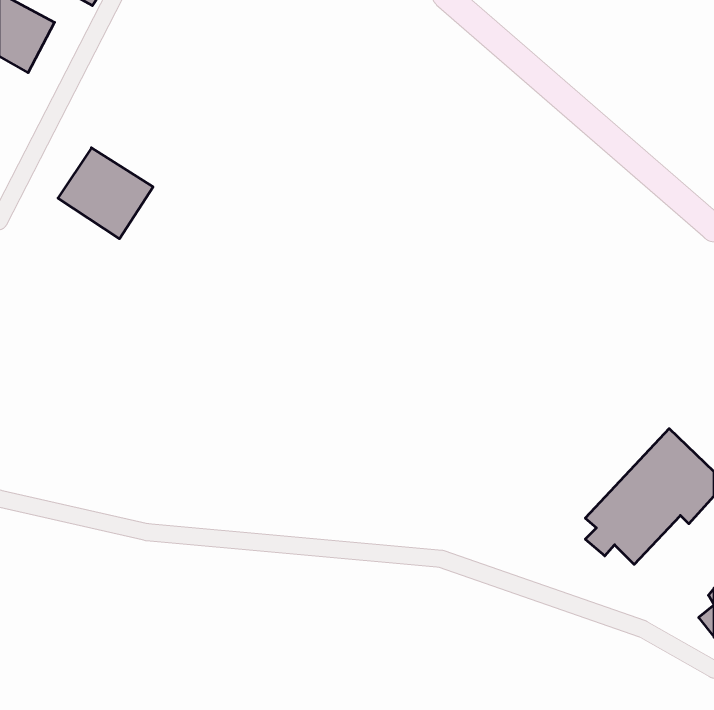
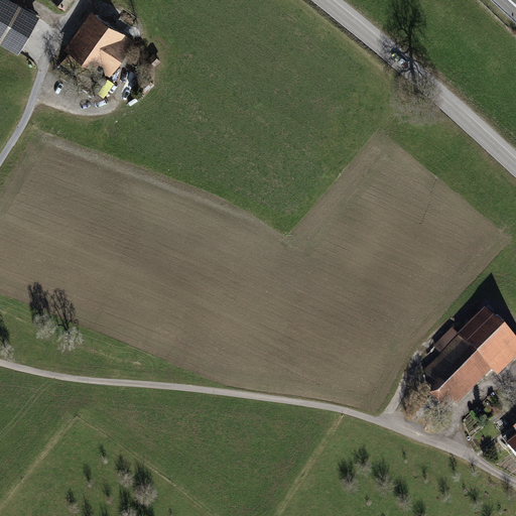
building: [58,148,153,239] -> [64,10,133,76]

